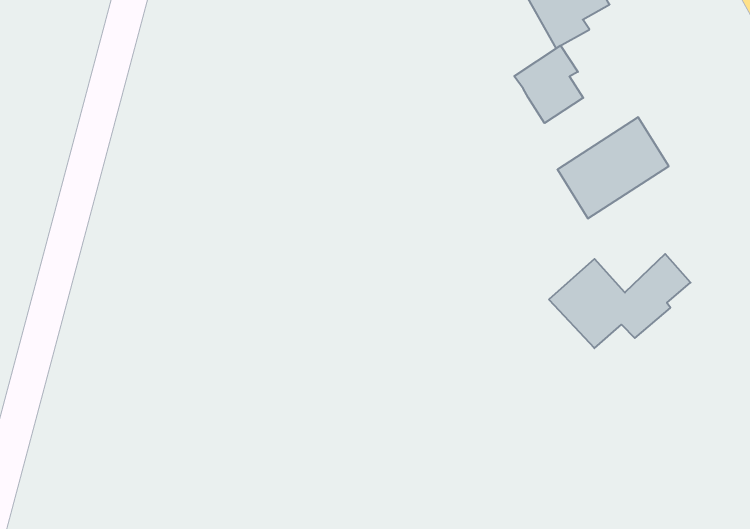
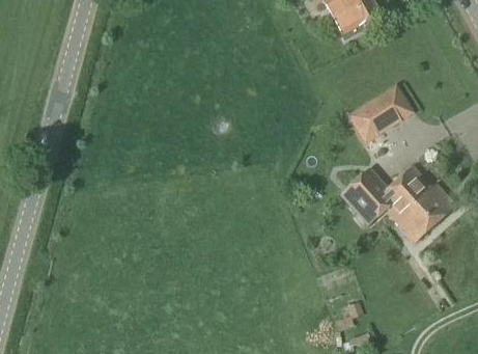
building: [514,46,583,123] -> none
building: none -> [394,182,455,241]

